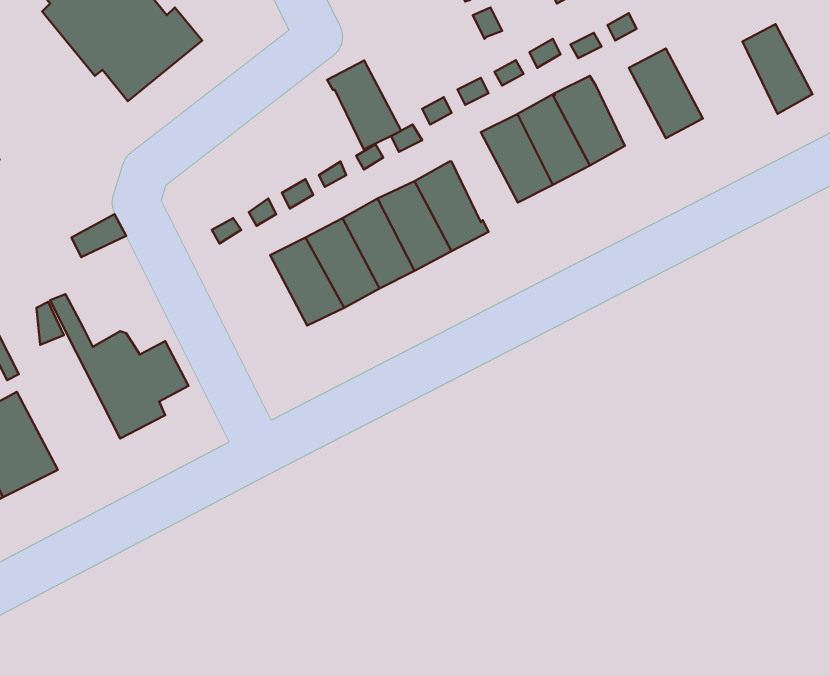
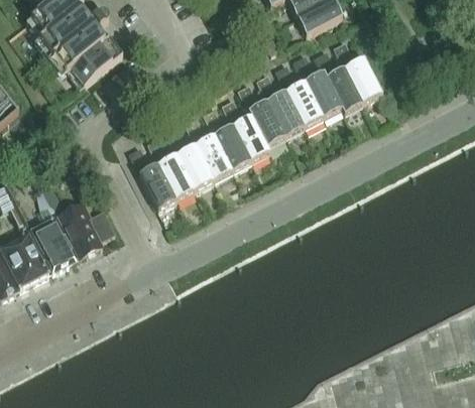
building: [742,24,813,114] -> [326,65,362,112]
building: [327,60,401,150] -> [247,99,285,145]
building: none -> [138,162,176,209]
building: none -> [29,216,75,271]

